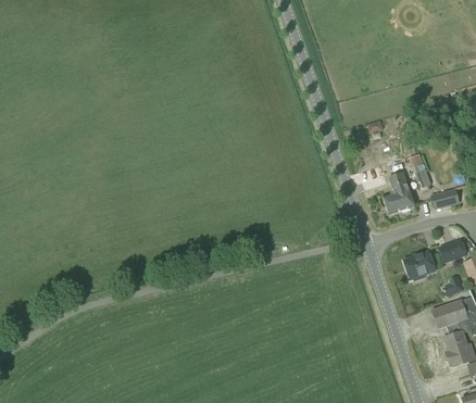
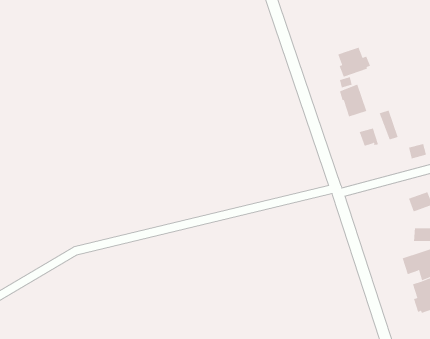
building: none -> [338,47,371,78]
building: [381,189,414,214] -> none
building: [404,251,435,279] -> none

